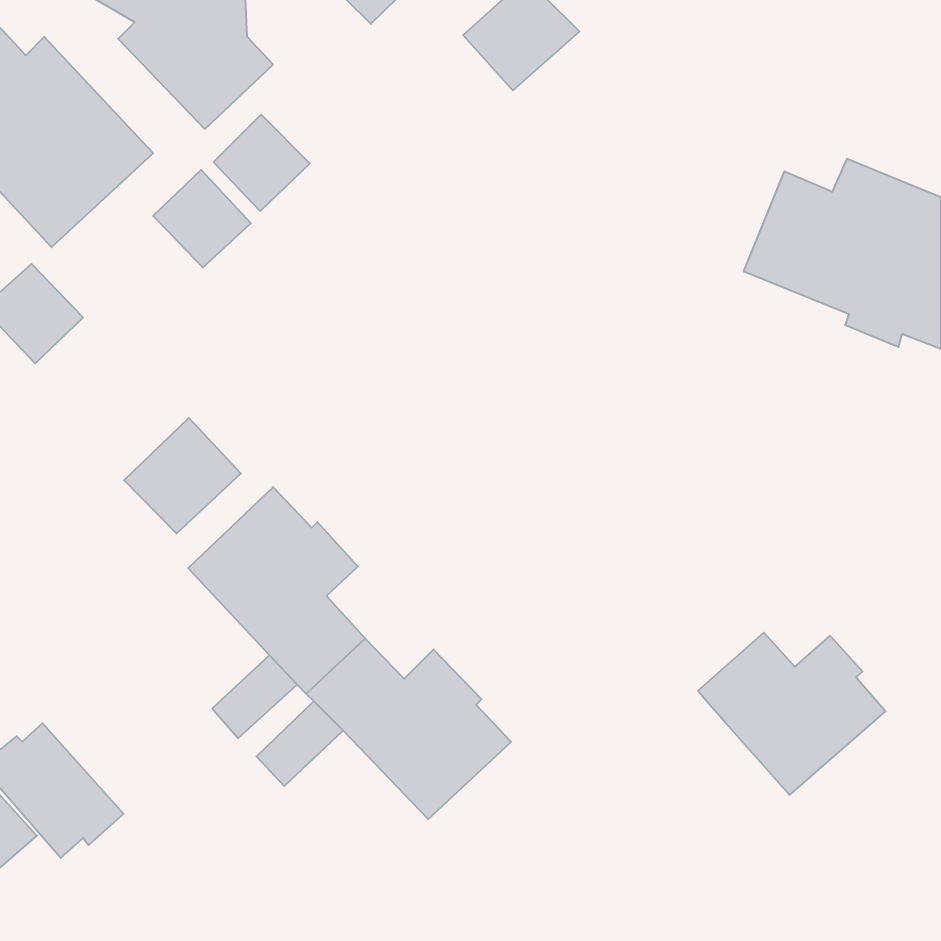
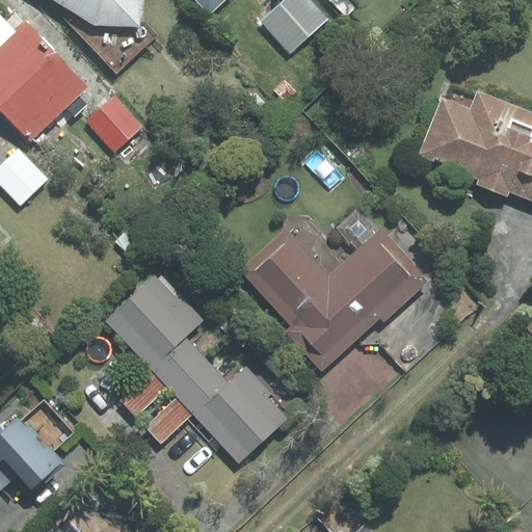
building: [214,115,310,211] -> none
building: none -> [239,228,427,370]
building: [124,418,241,534] -> none
building: [698,633,886,795] -> none

